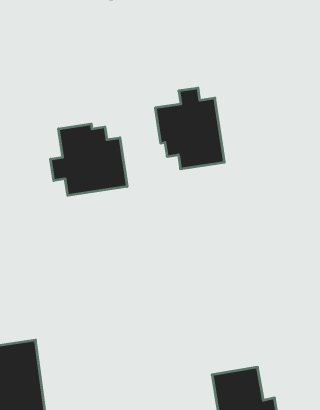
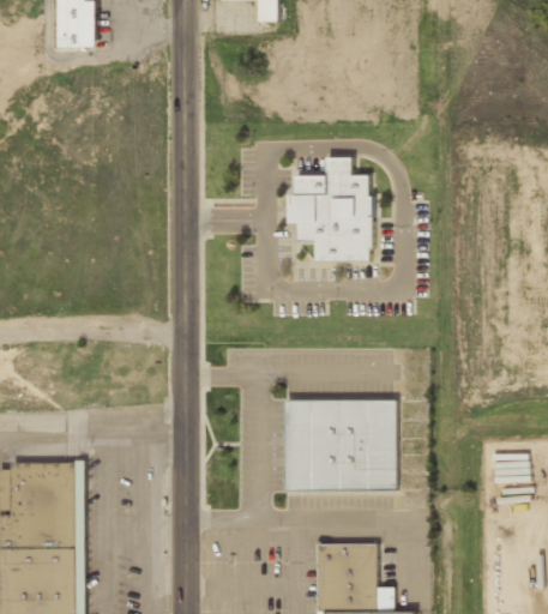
building: [51,124,127,195] -> none
building: none -> [282,398,395,490]

